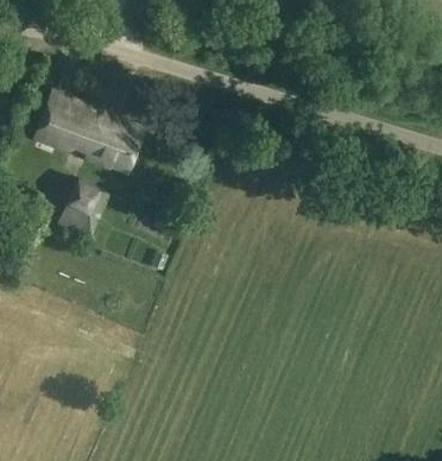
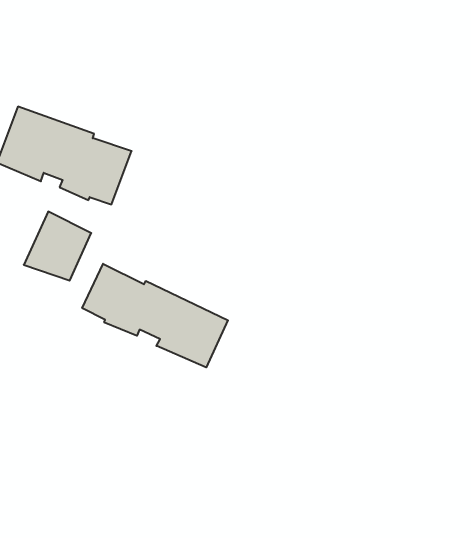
building: none -> [82,264,228,367]

